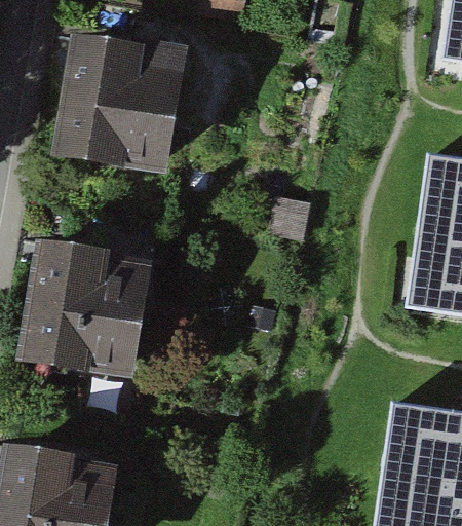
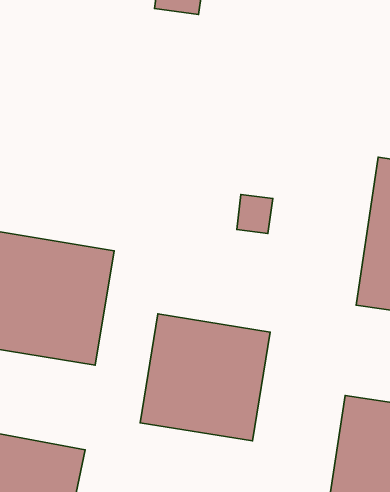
building: [56,35,197,171] -> none
building: none -> [140,314,270,441]

